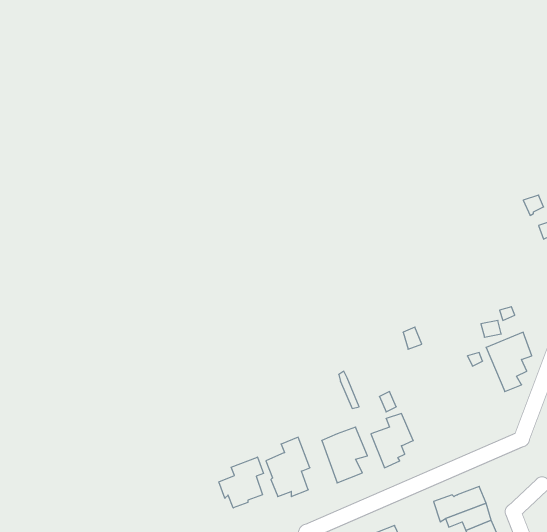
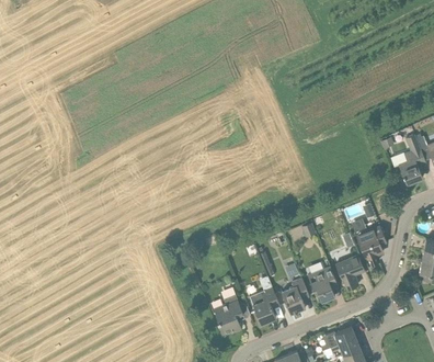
building: none -> [335,254,365,289]
building: none -> [308,265,338,302]
building: [219,457,264,508] -> none

